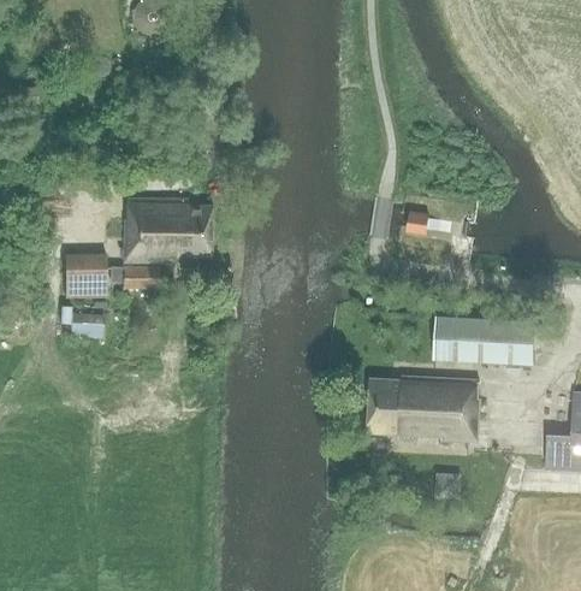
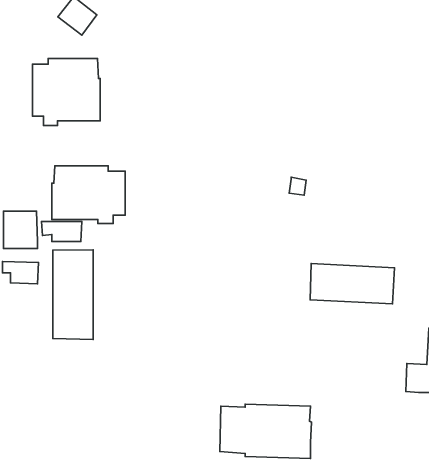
building: none -> [32,58,100,125]
building: none -> [53,250,93,339]
building: [368,376,478,441] -> [220,404,311,458]

